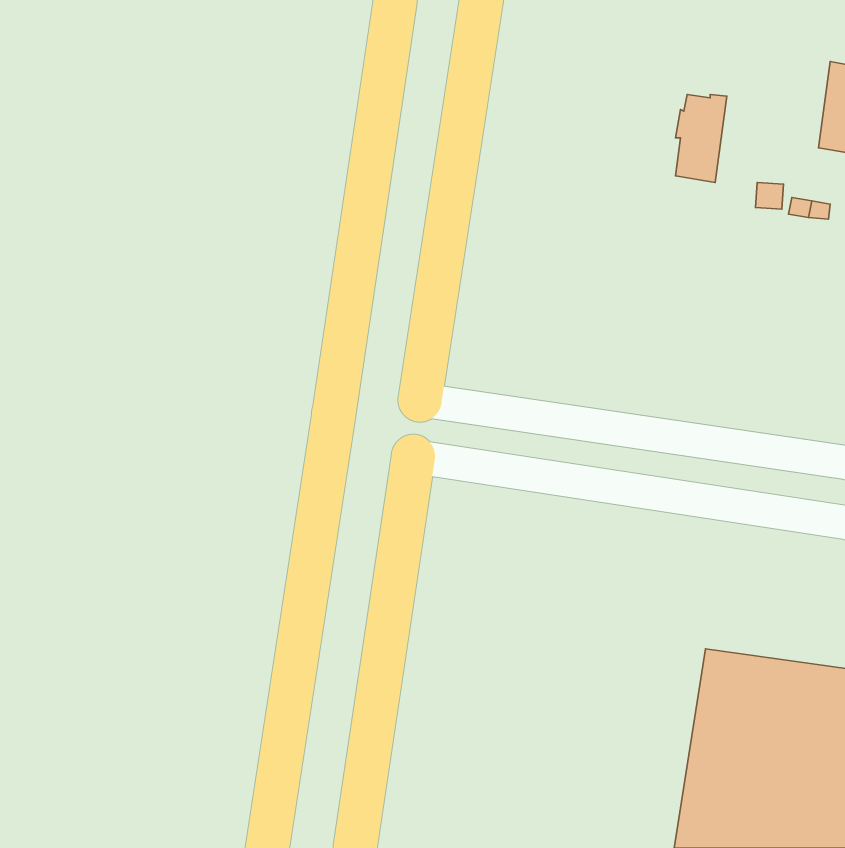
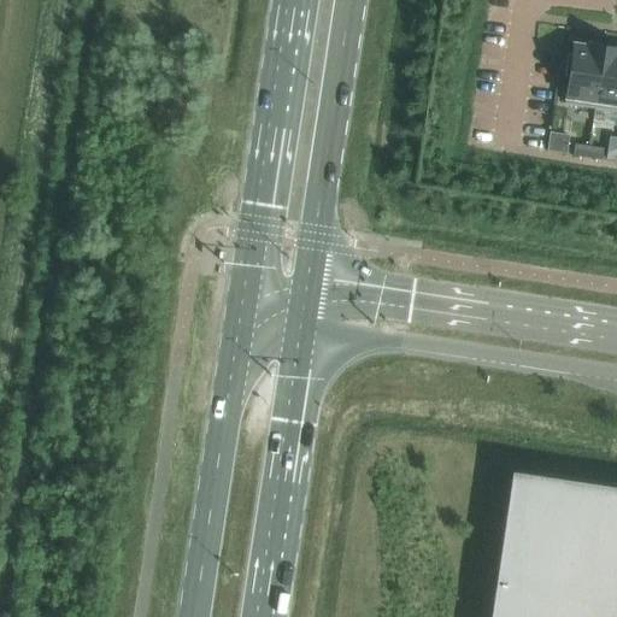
building: [675,95,727,183] -> [568,43,605,107]

